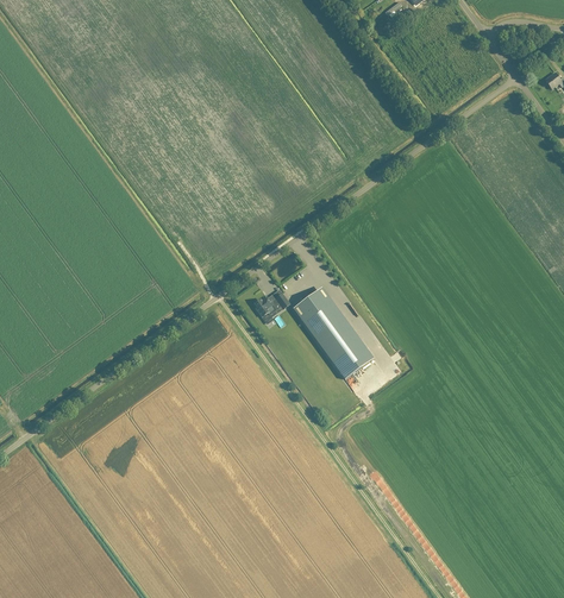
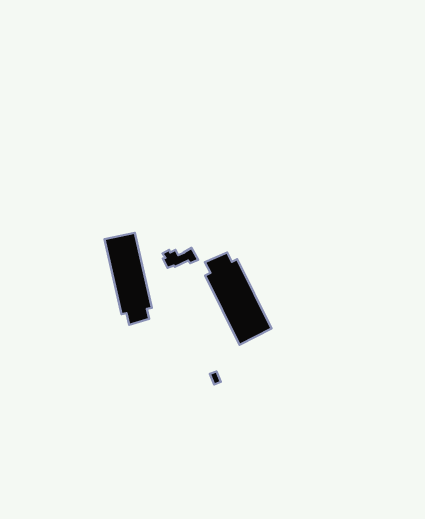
building: none -> [104,233,152,325]

